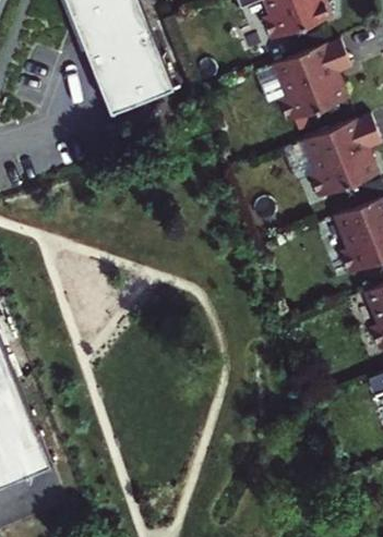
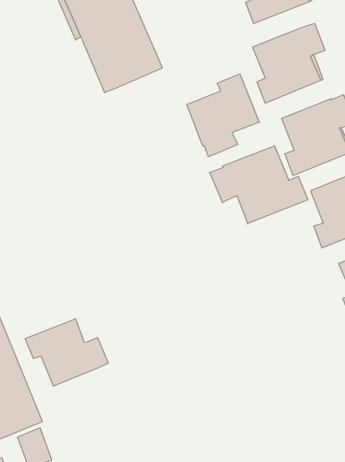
building: none -> [187,74,259,157]
building: none -> [210,146,308,224]
building: none -> [25,319,108,386]

